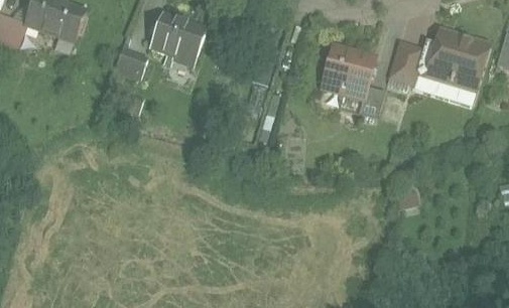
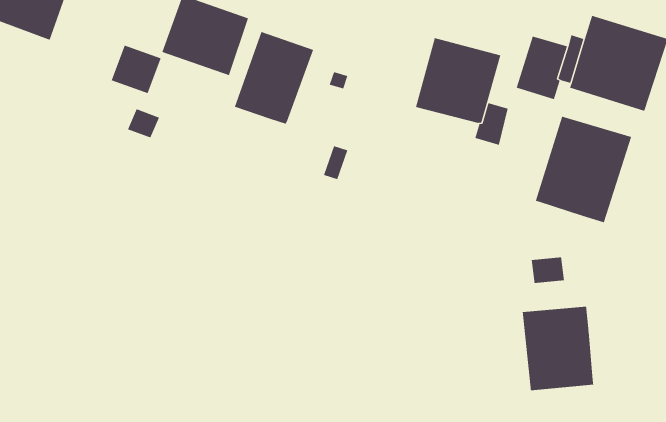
building: none -> [234,31,314,125]
building: none -> [535,116,632,223]
building: none -> [522,306,594,391]

